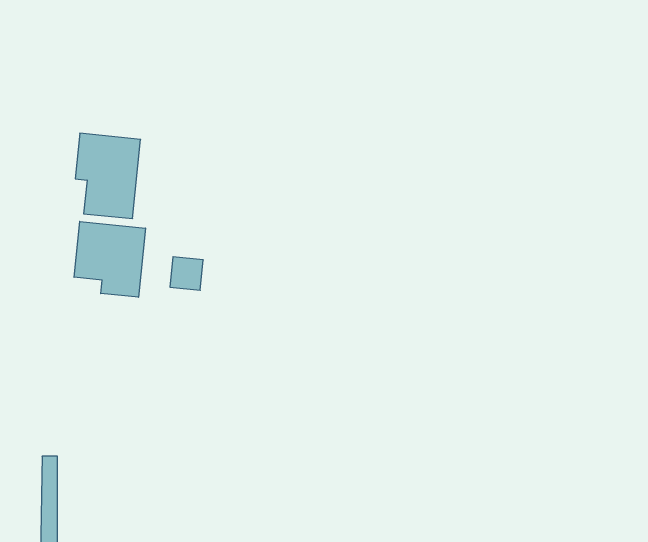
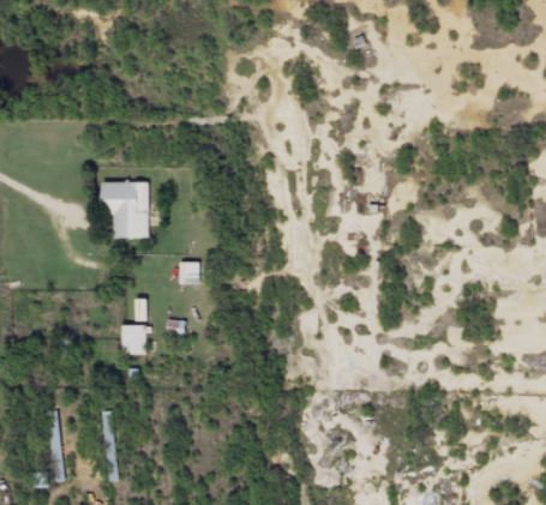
building: [74,221,145,297] -> none
building: none -> [125,325,146,354]

